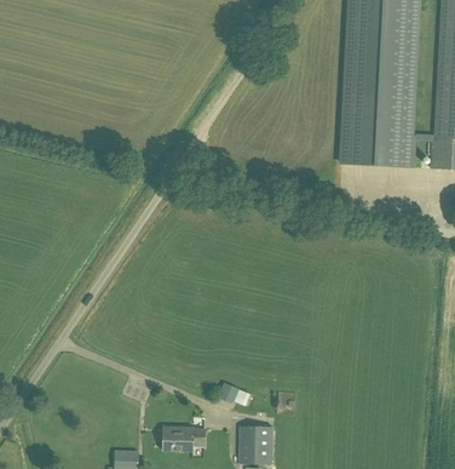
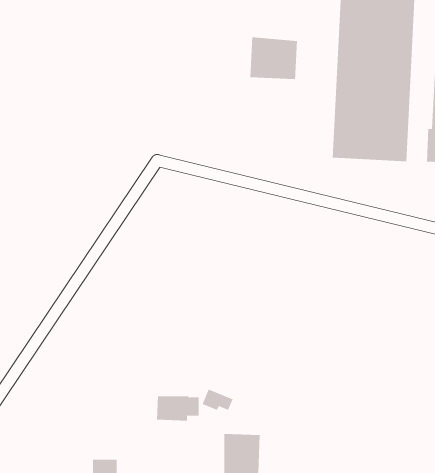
building: none -> [250,37,297,80]
building: [161,427,202,451] -> [156,396,199,421]

